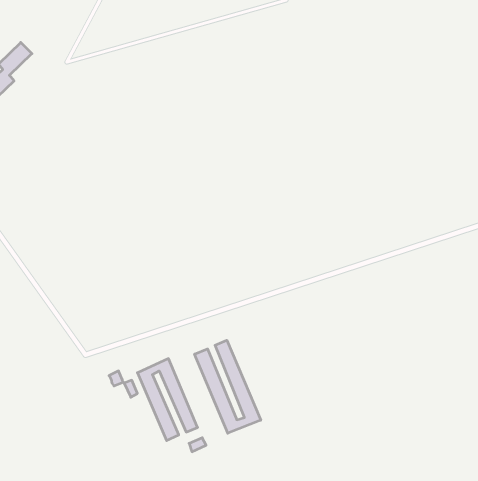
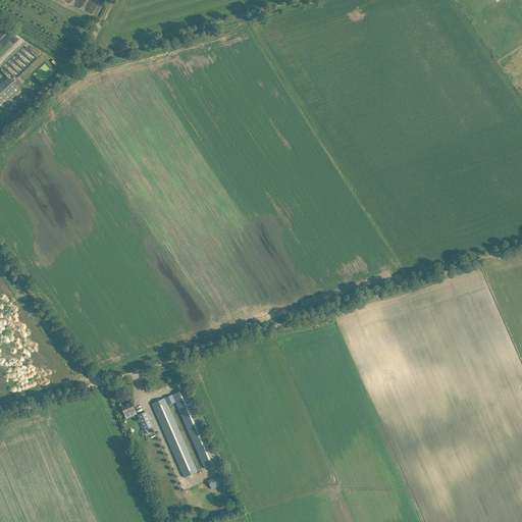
building: [195,340,261,433] -> none

